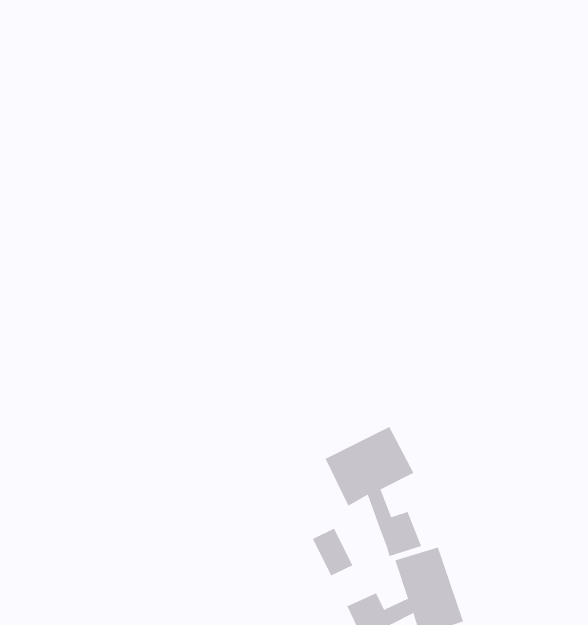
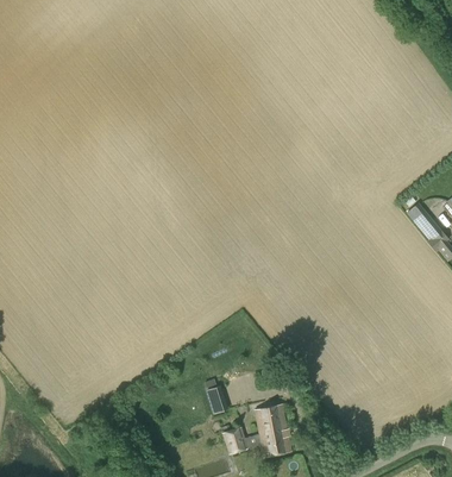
building: [325,426,422,557] -> none

